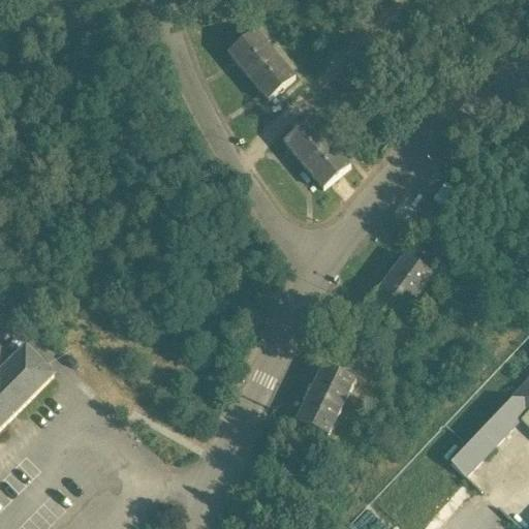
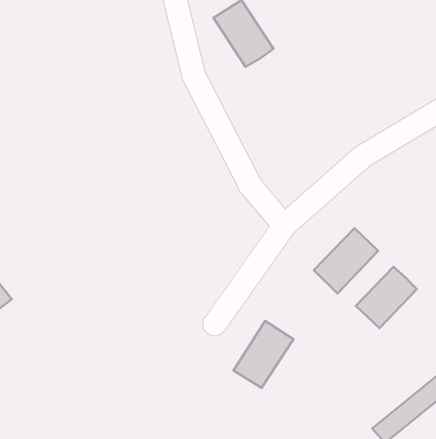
building: [283,115,350,185] -> none
building: none -> [356,267,417,328]

